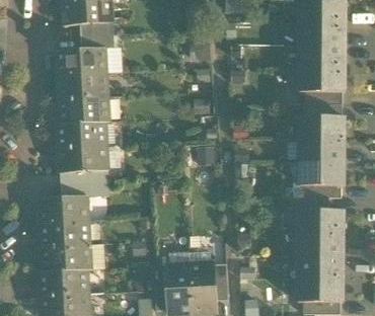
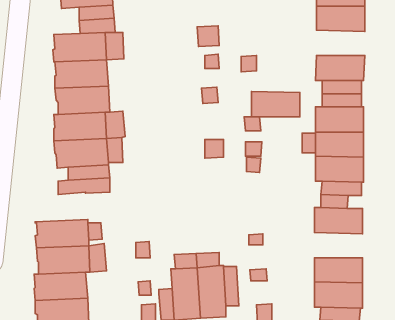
building: [301,47,346,70] -> [252,92,300,117]
building: [40,196,89,224] -> none
building: [299,234,344,257] -> none

